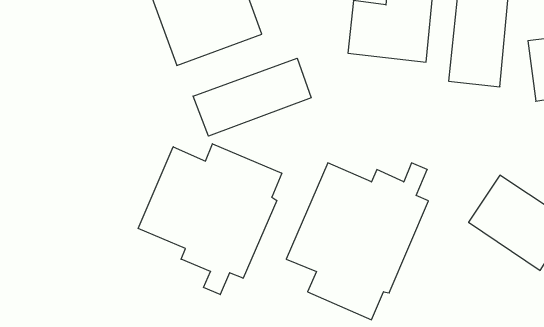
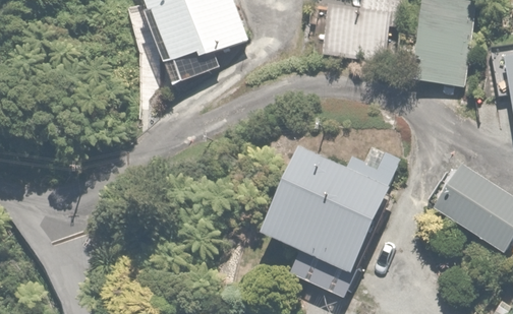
building: [193,58,311,136] -> none
building: [138,144,282,295] -> none

